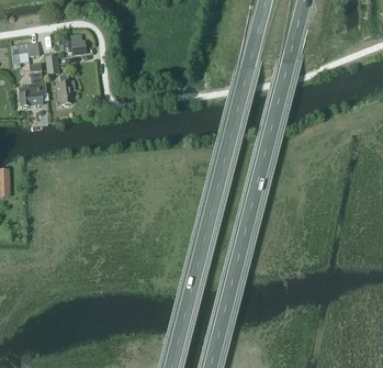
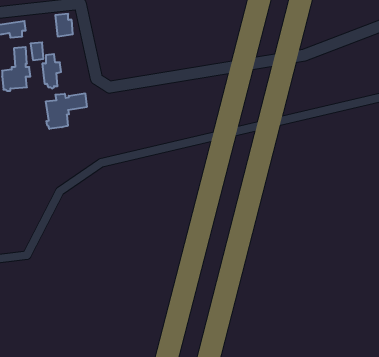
building: none -> [46,93,87,129]

